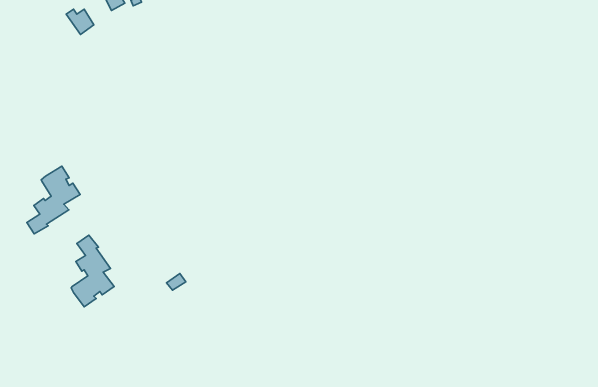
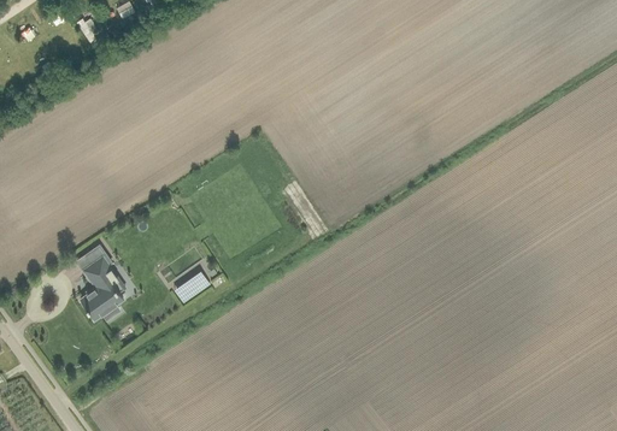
building: [27,166,80,234] -> none

